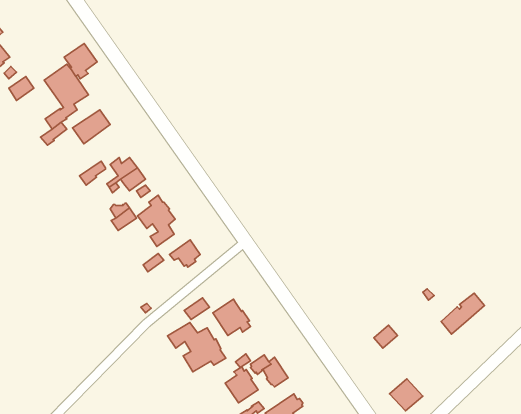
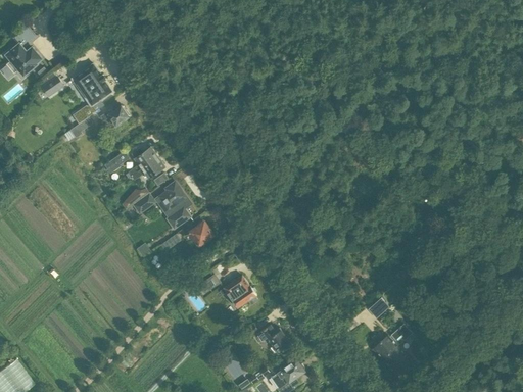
building: [64,43,97,79] -> none
building: [441,293,484,334] -> [373,323,412,359]
building: [167,322,226,372] -> none
building: [225,367,258,403] -> none

